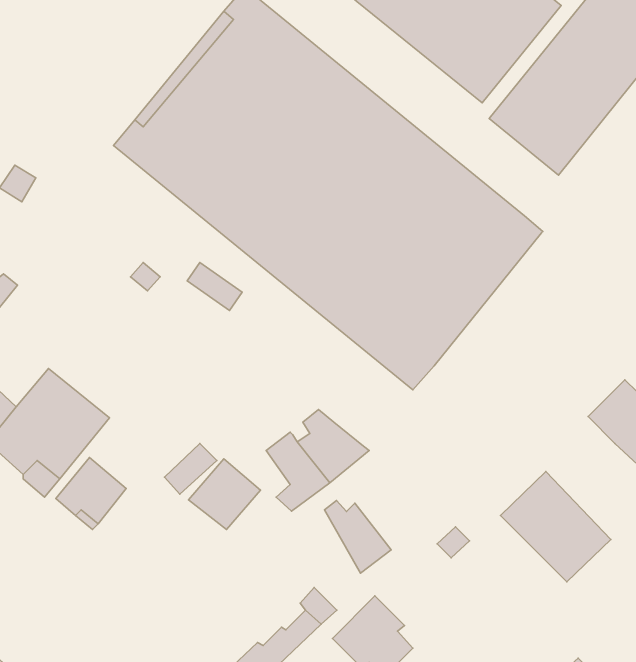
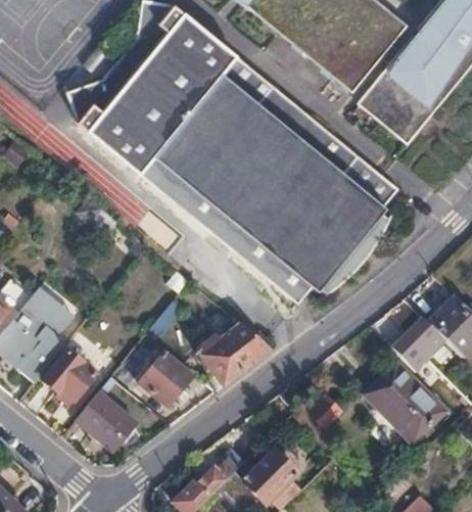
building: none -> [390,317,446,373]
building: [325,501,391,573] -> none
building: none -> [75,391,134,446]

